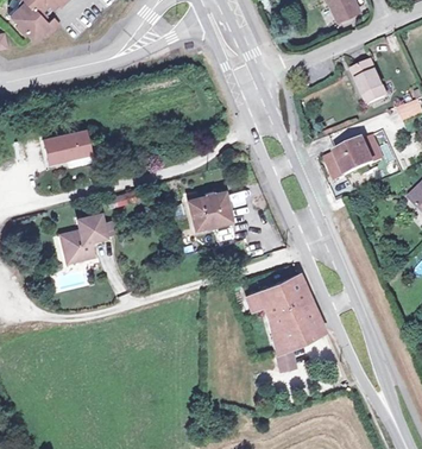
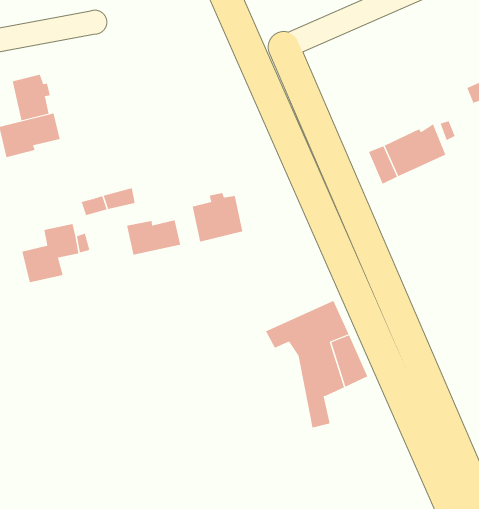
building: [358,61,391,102] -> none
building: none -> [12,74,50,121]
building: none -> [127,220,181,256]

